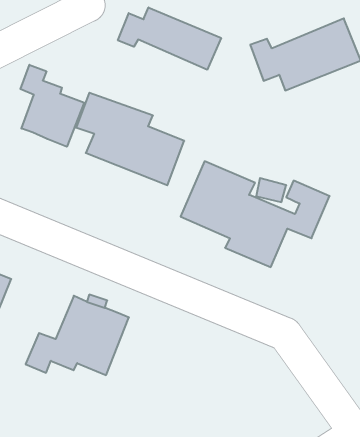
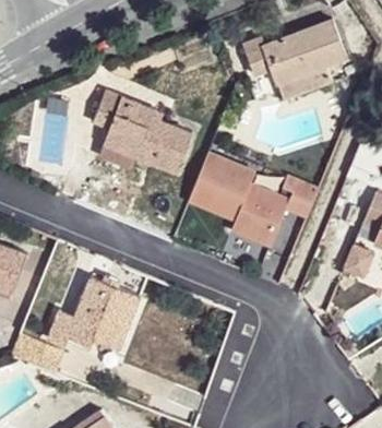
building: [118,7,221,70] -> none
building: [20,65,84,147] -> none

